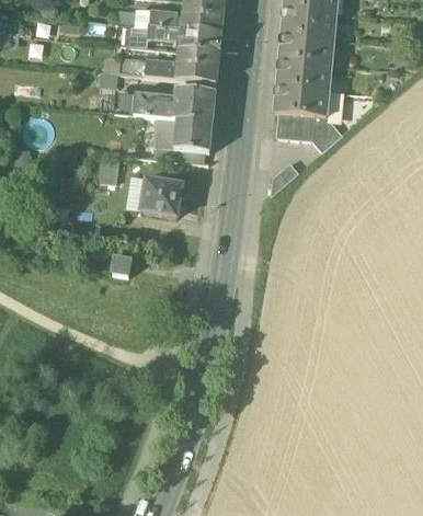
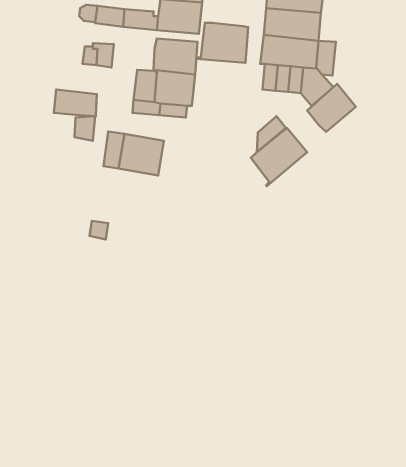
building: none -> [196,23,248,63]
building: [134,92,174,117] -> [54,90,97,116]
building: none -> [307,84,356,132]
building: none -> [251,128,307,186]

